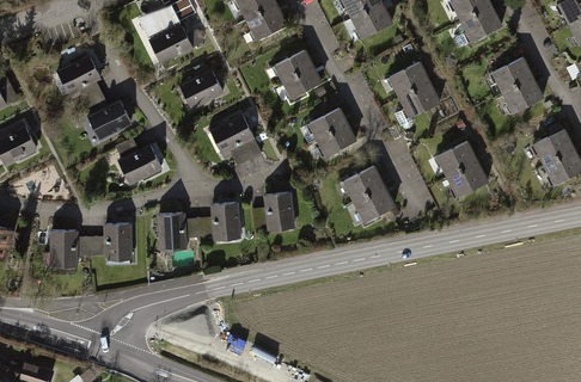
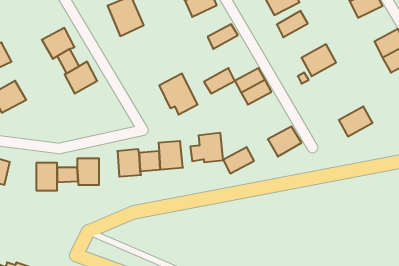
building: [389,60,429,94] -> [277,11,308,37]
building: [281,64,322,98] -> [204,68,235,94]
building: [179,72,221,110] -> none
building: [436,140,478,175] -> none
building: [115,141,161,187] -> none
building: [343,166,384,201] -> [223,147,254,173]

